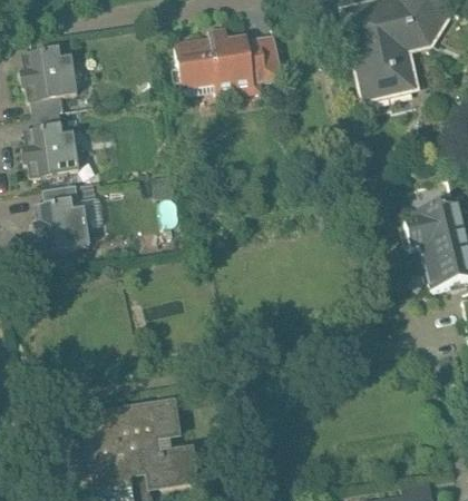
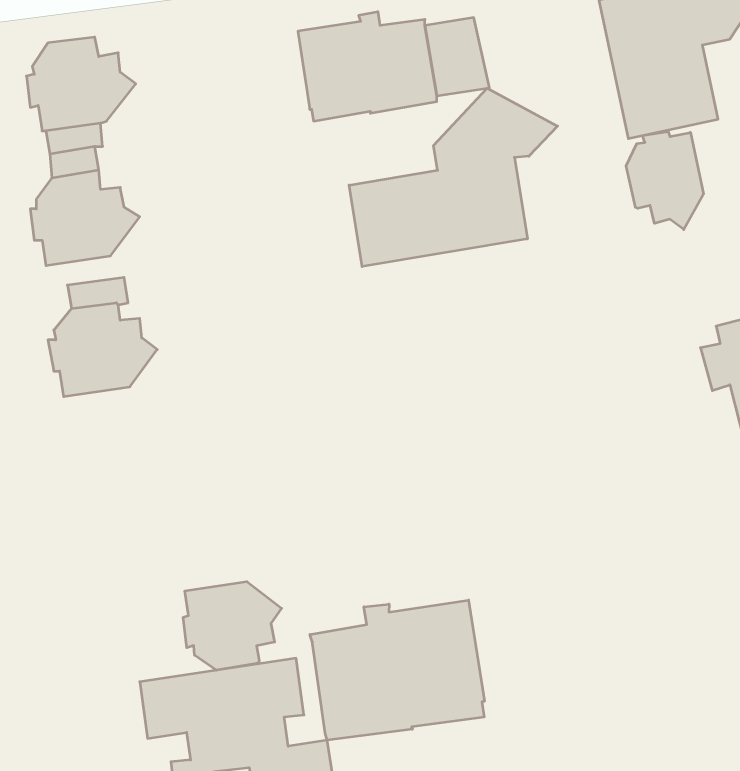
building: none -> [349,88,558,267]
building: none -> [626,131,703,230]
building: none -> [183,582,282,670]
building: none -> [310,600,484,740]

